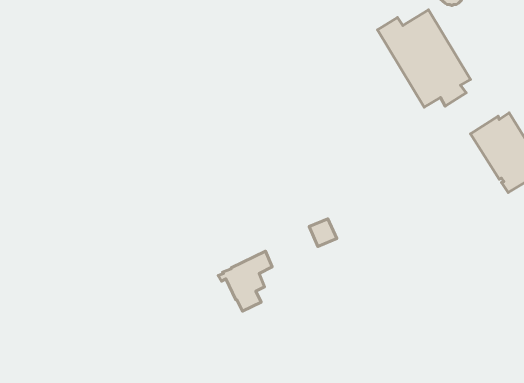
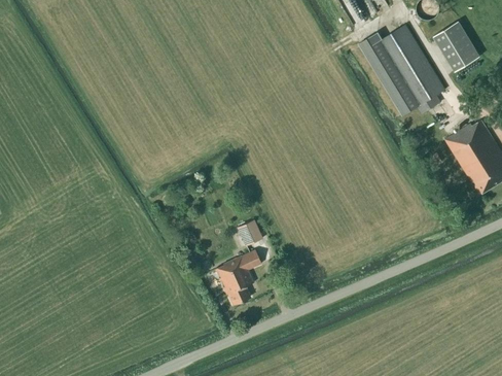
building: none -> [433,21,479,71]
building: [309,219,337,246] -> [236,221,261,247]

